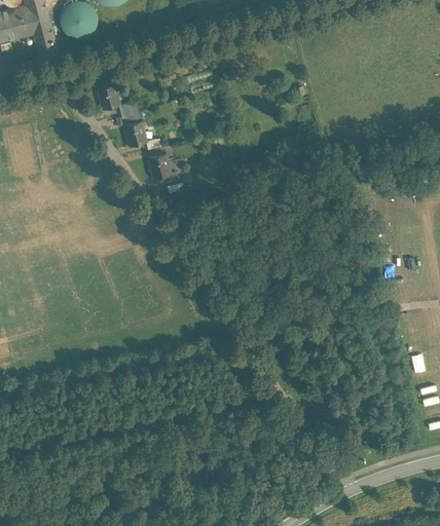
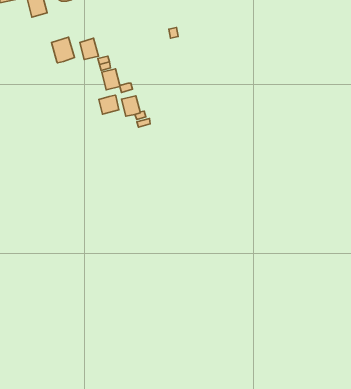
building: none -> [52,37,74,63]
building: none -> [99,95,119,114]

